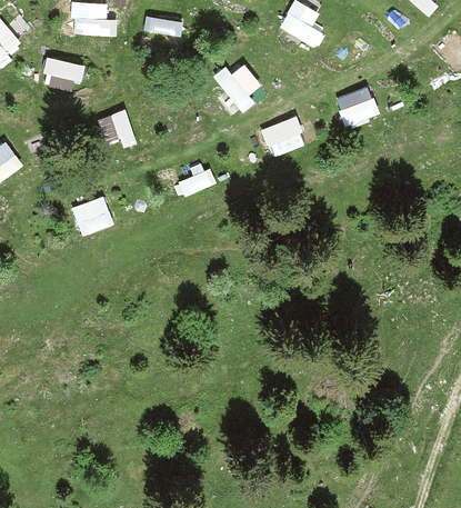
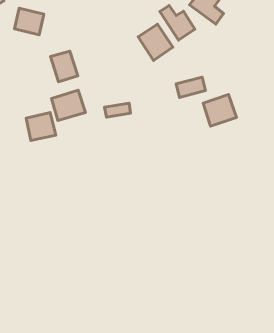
building: none -> [160,6,195,40]
building: [334,83,382,129] -> [203,95,237,126]
building: none -> [52,90,85,121]

